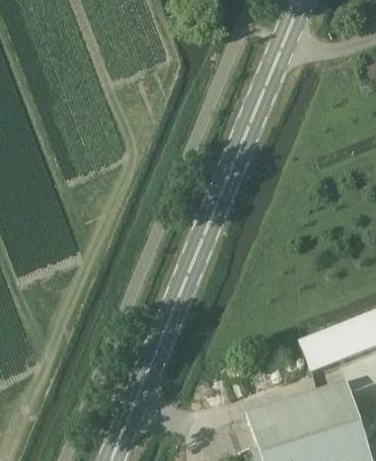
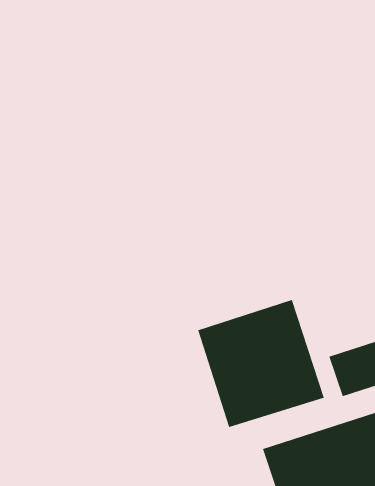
building: none -> [197,299,324,428]

